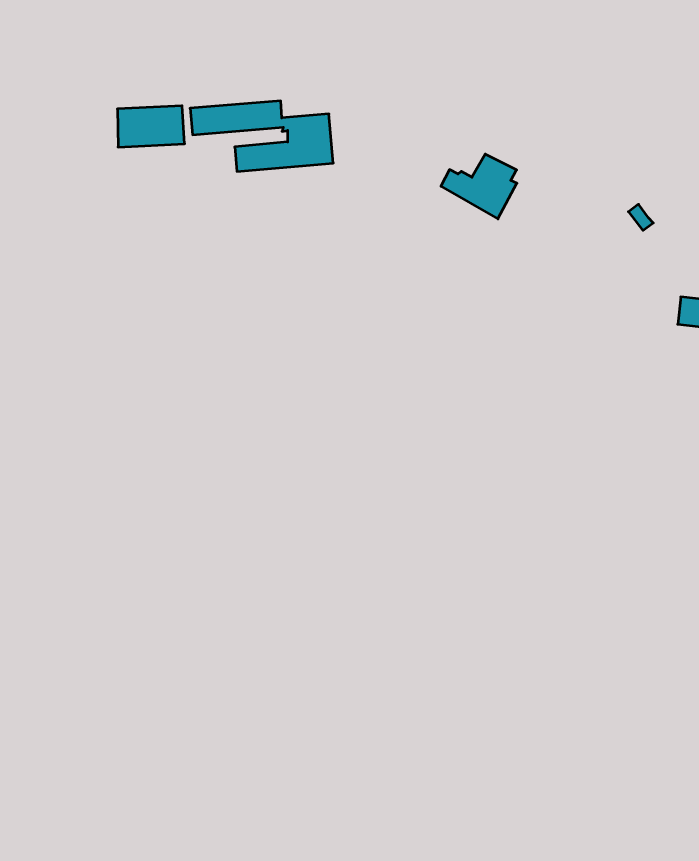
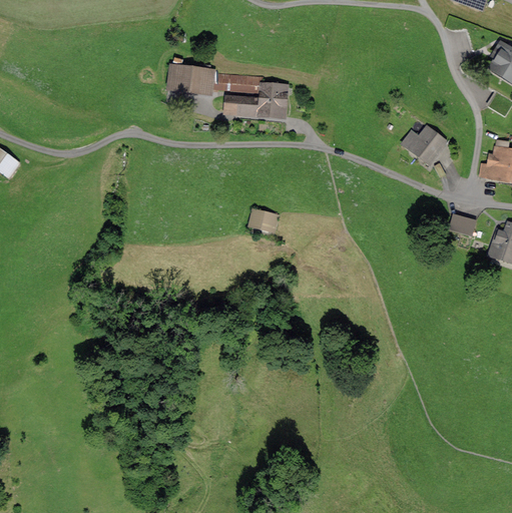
building: [441,154,517,219] -> [404,129,445,164]
building: none -> [250,211,278,231]

